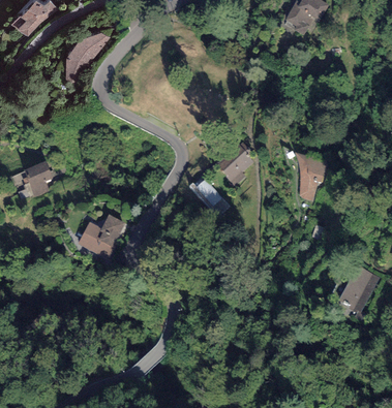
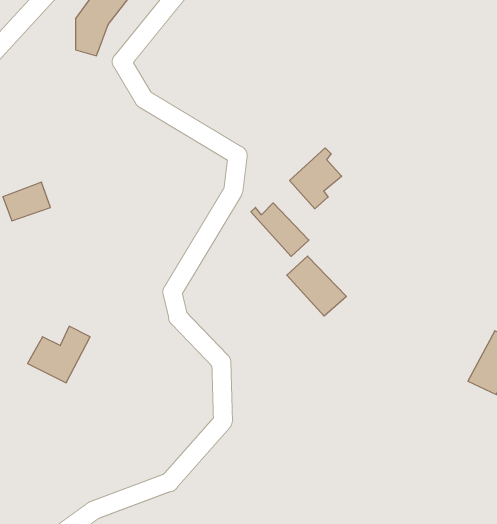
building: [297,154,325,200] -> none
building: none -> [287,256,346,316]
building: [80,218,123,257] -> [28,326,90,383]

